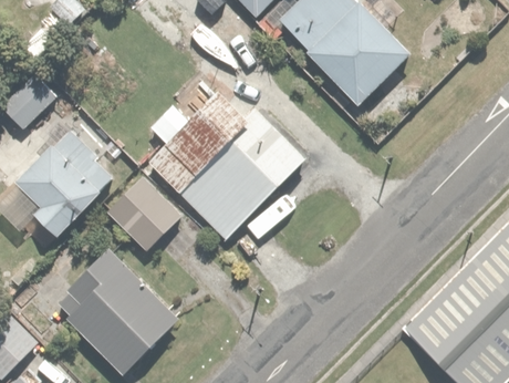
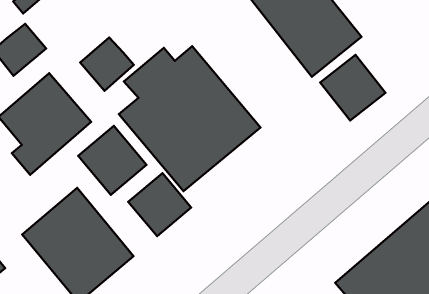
building: none -> [320,55,386,121]
building: none -> [80,38,134,91]
building: none -> [128,173,191,236]

